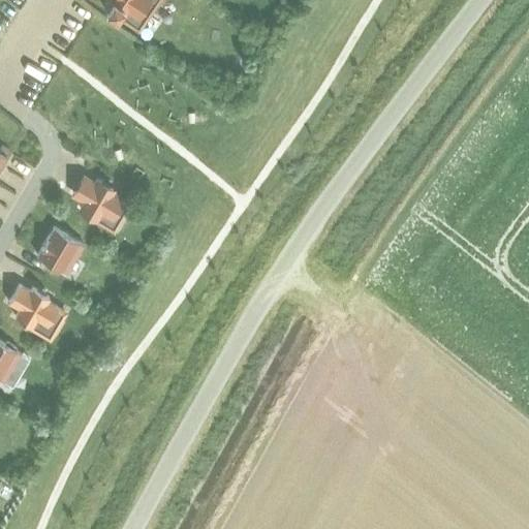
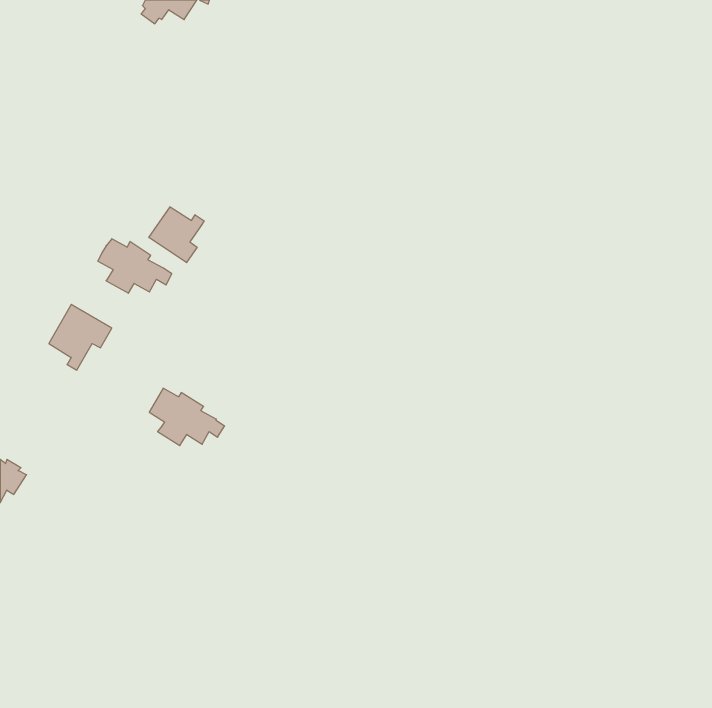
building: none -> [149,207,204,263]
building: [8,287,64,330] -> [149,388,225,446]

